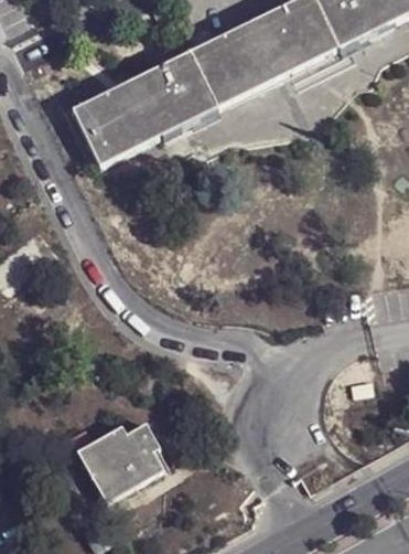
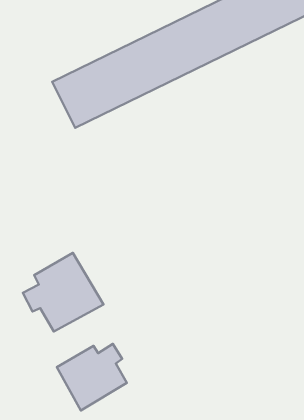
building: none -> [23,253,103,332]

